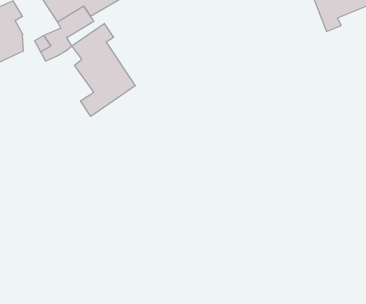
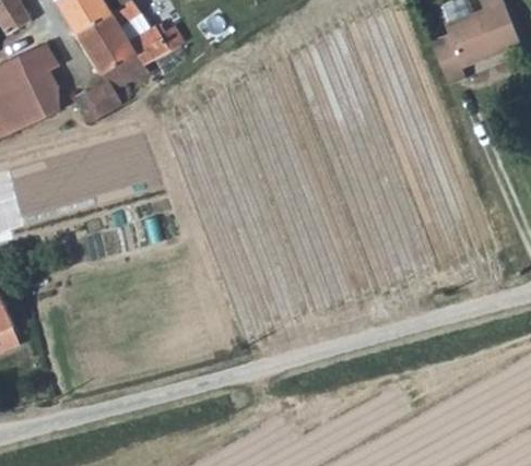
building: [72,23,135,116] -> none

